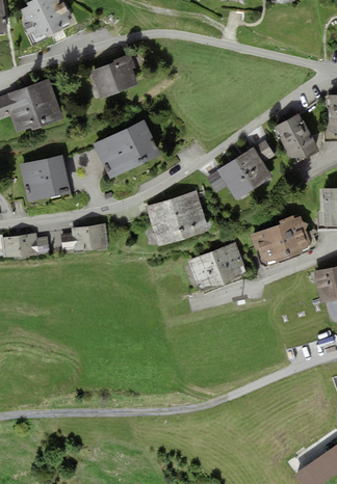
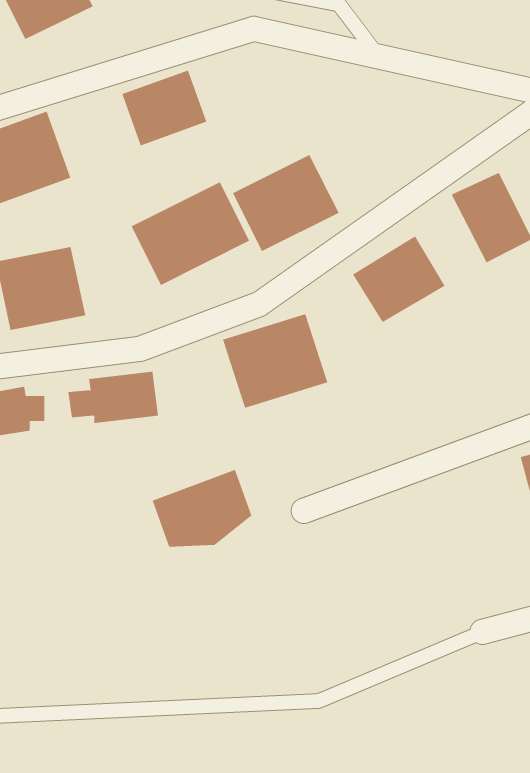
building: none -> [232,154,339,252]
building: [250,216,311,265] -> none
building: [187,242,243,286] -> [152,469,252,547]

